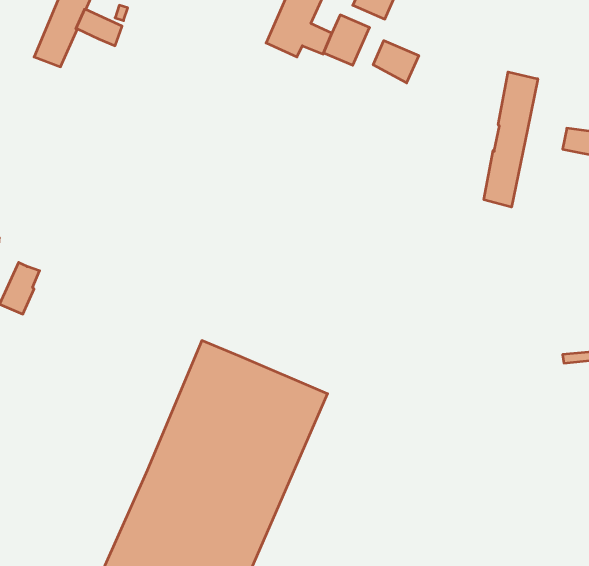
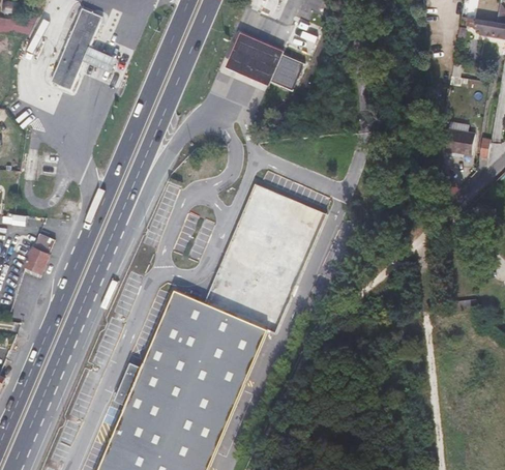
building: [373,41,419,83] -> none
building: [484,72,538,207] -> none
building: none -> [202,184,325,332]

